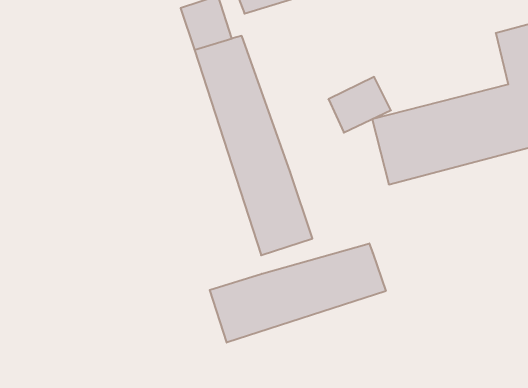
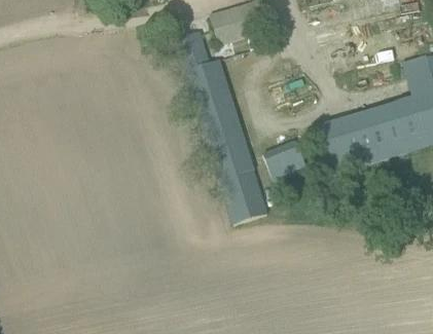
building: [328,77,391,133] -> [261,140,308,181]
building: [210,243,386,343] -> none

